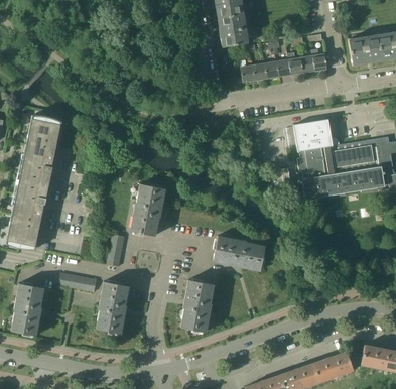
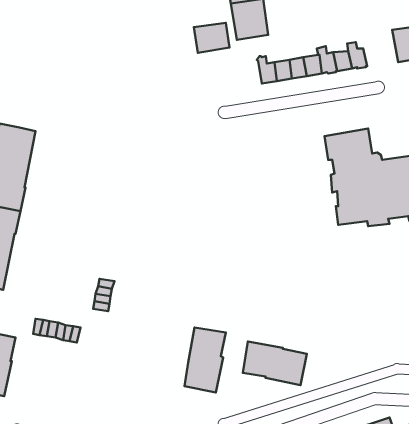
building: none -> [194,23,230,53]
building: [130,184,165,236] -> none
building: [214,236,265,271] -> [243,341,307,385]
building: [95,280,128,334] -> none

